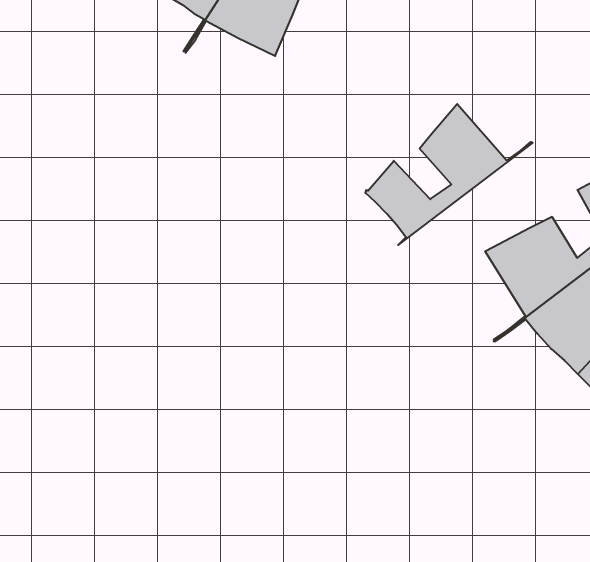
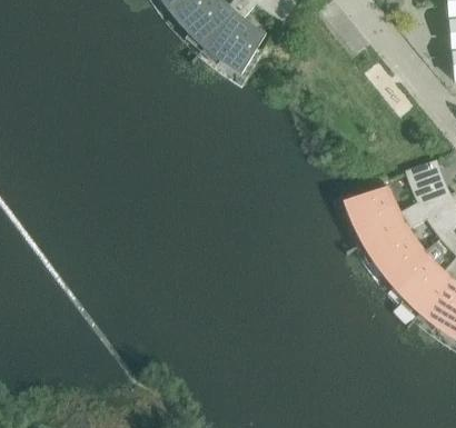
building: [365,104,533,245] -> none

